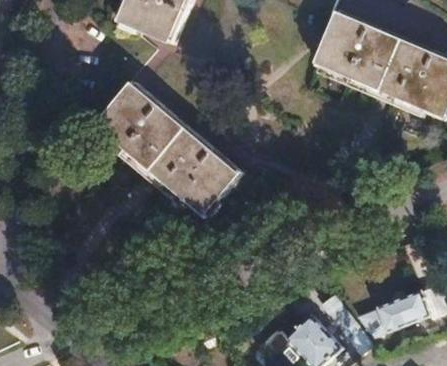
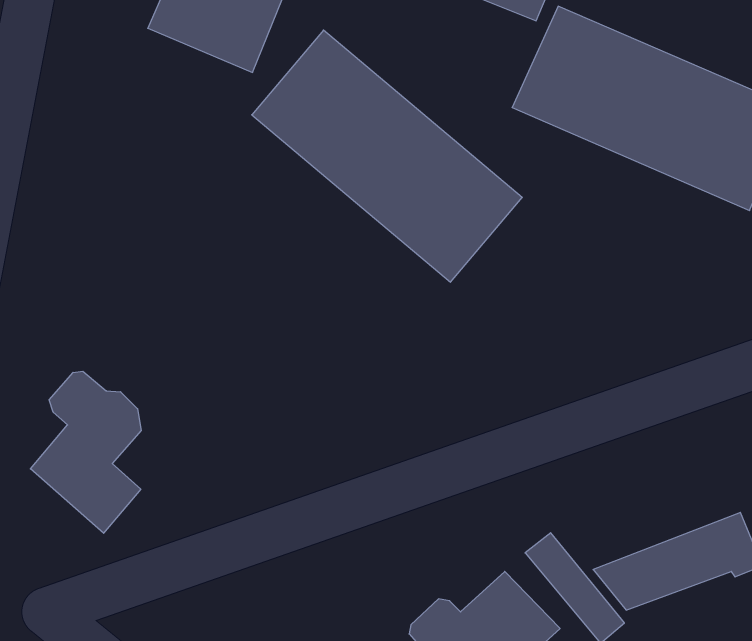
building: [93,82,240,219] -> [252,30,522,282]
building: none -> [30,371,141,533]

